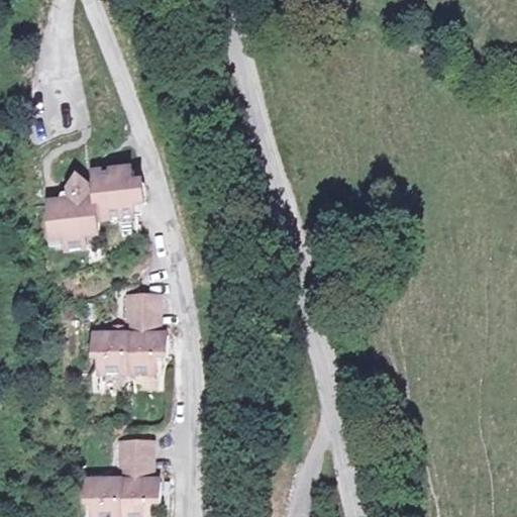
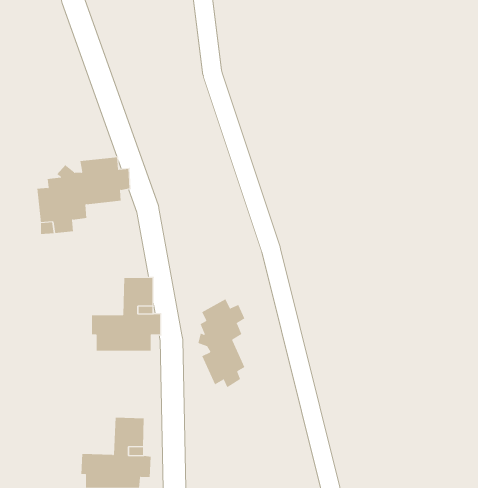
building: none -> [198,299,245,388]

